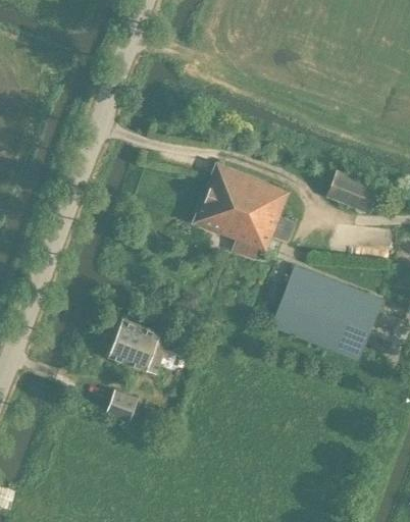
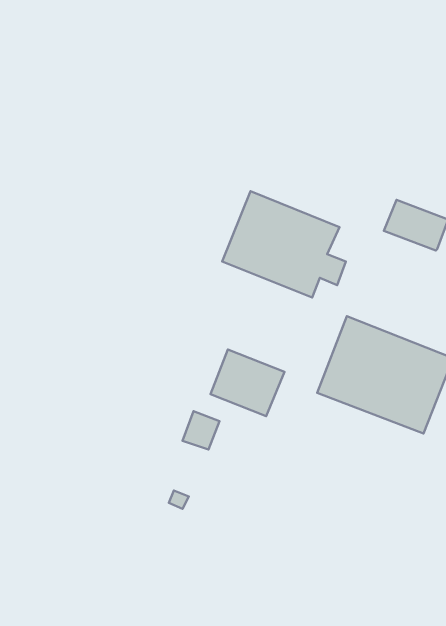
building: [108,318,169,373] -> [210,350,285,416]
building: [104,388,137,421] -> none

